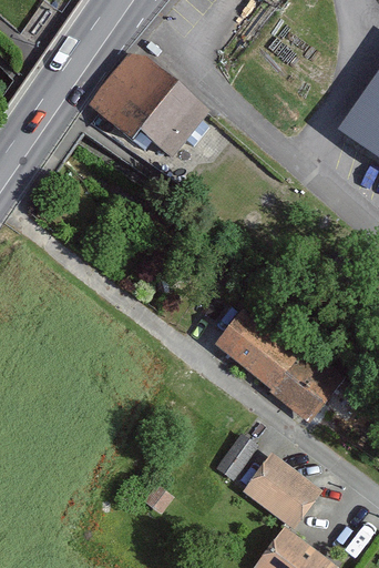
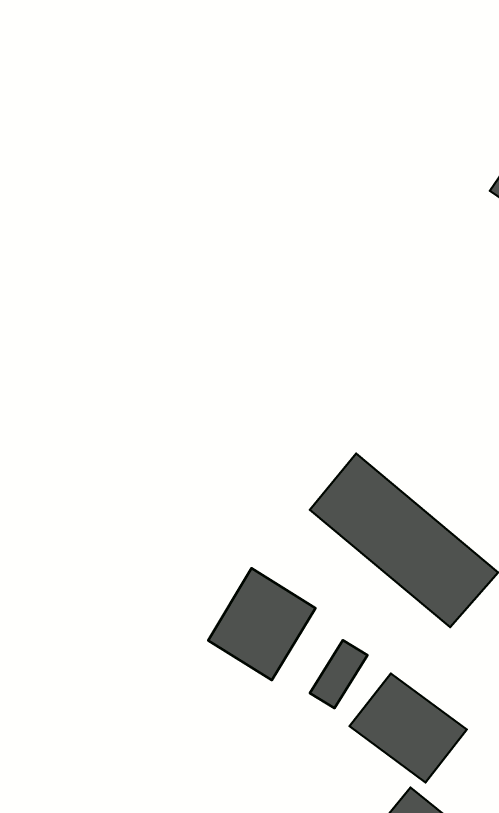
building: [100,58,213,151] -> none
building: none -> [208,568,315,680]

